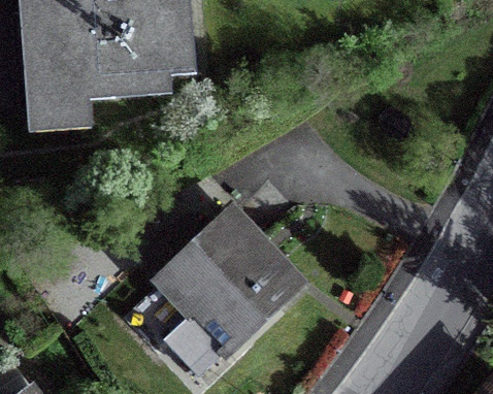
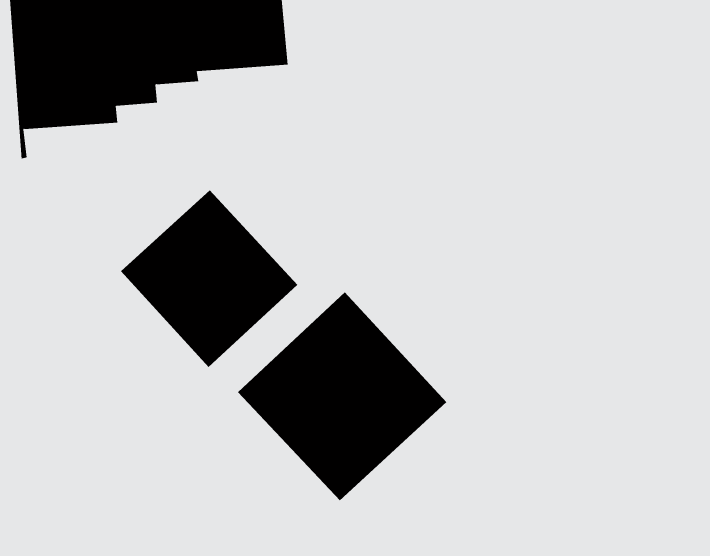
building: none -> [120,190,298,368]

